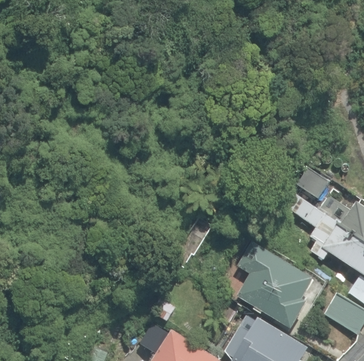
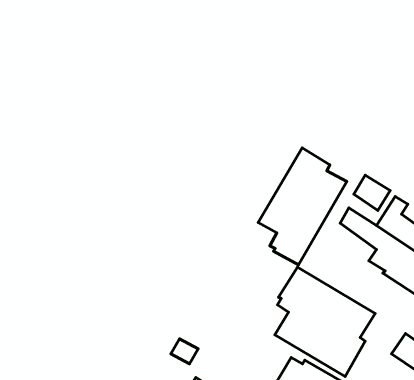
building: none -> [258,148,347,265]

